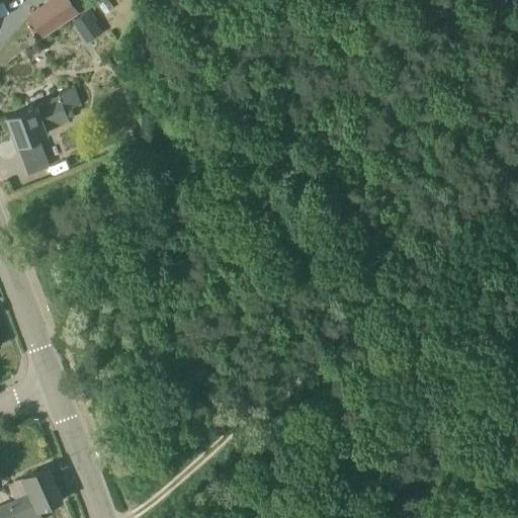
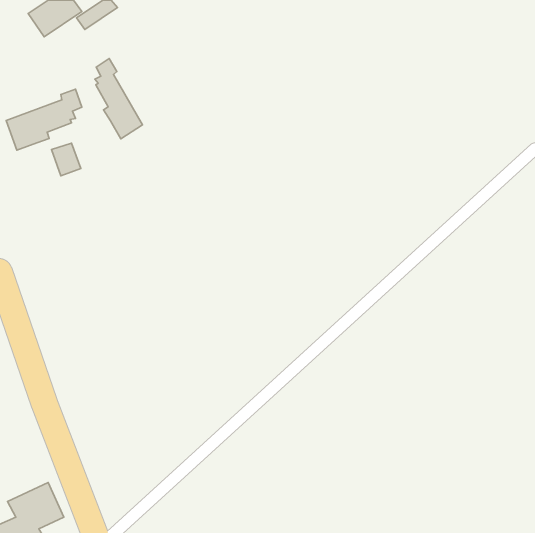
building: none -> [95,59,143,139]
building: [18,146,47,177] -> [51,143,81,176]

